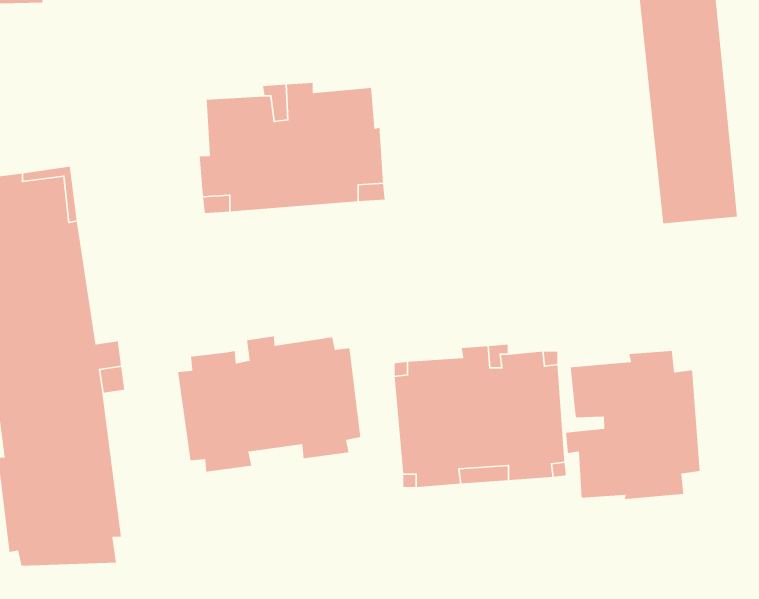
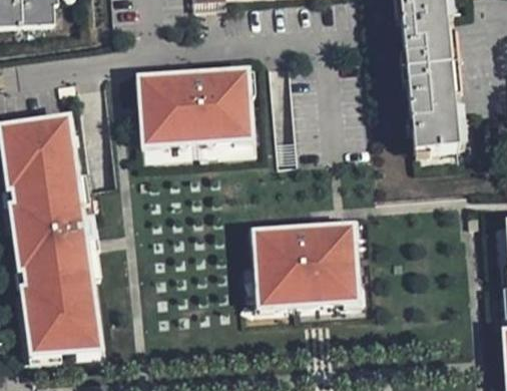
building: [177,336,361,473] -> none
building: [565,350,700,500] -> none

